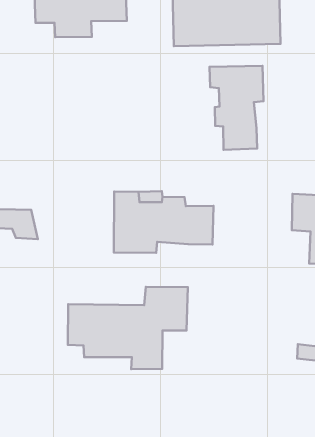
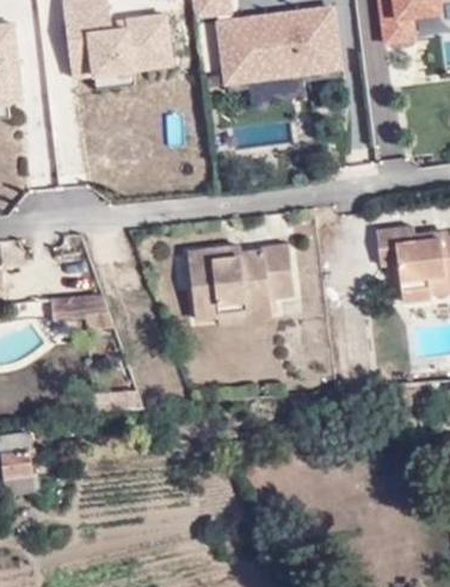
building: [209,66,263,150] -> none
building: [68,287,188,369] -> none

